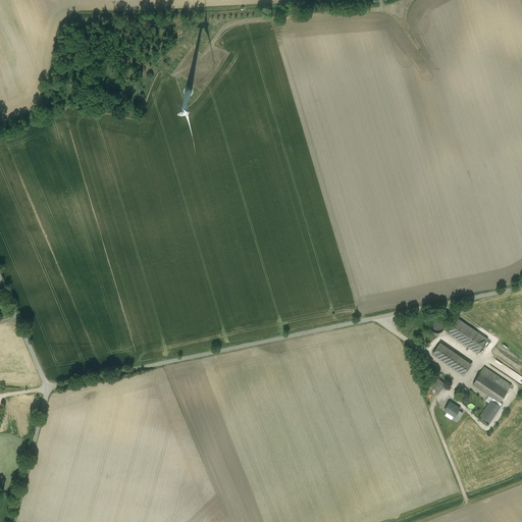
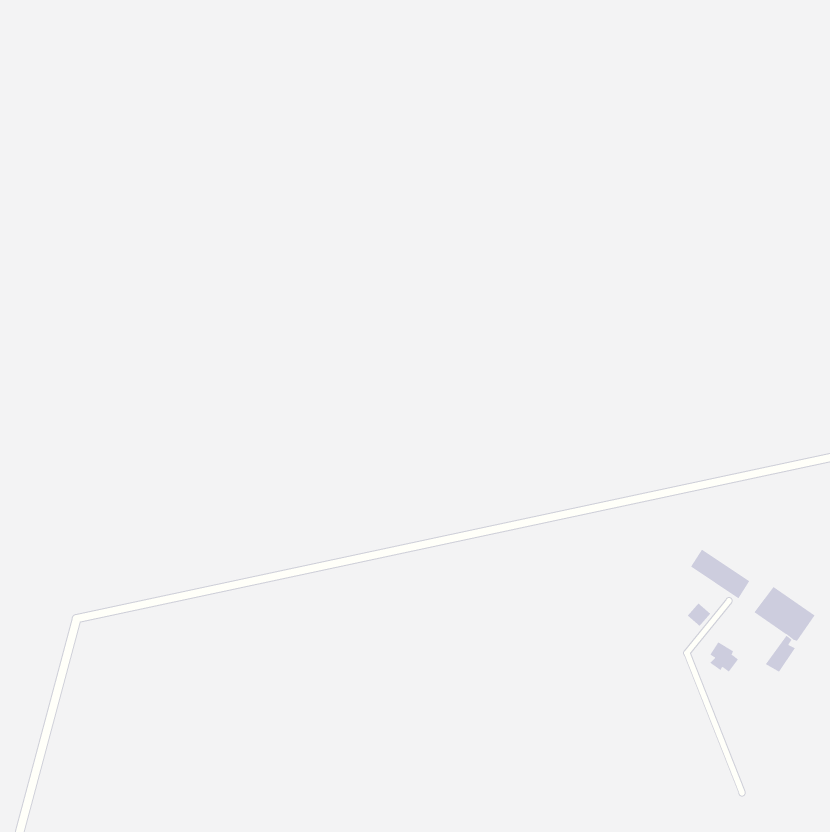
building: [448,318,488,355] -> none

